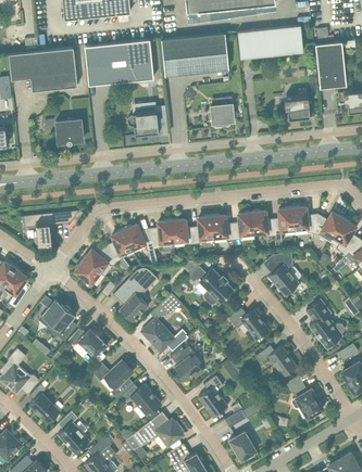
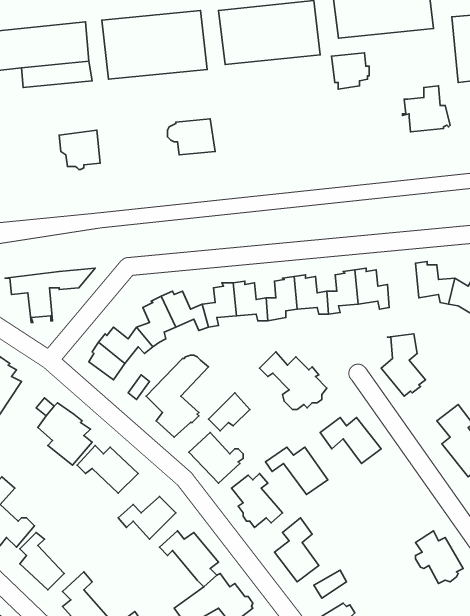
building: [210,104,235,128] -> [331,53,369,89]
building: [273,207,294,243] -> none
building: [255,346,297,378] -> [266,447,328,495]

